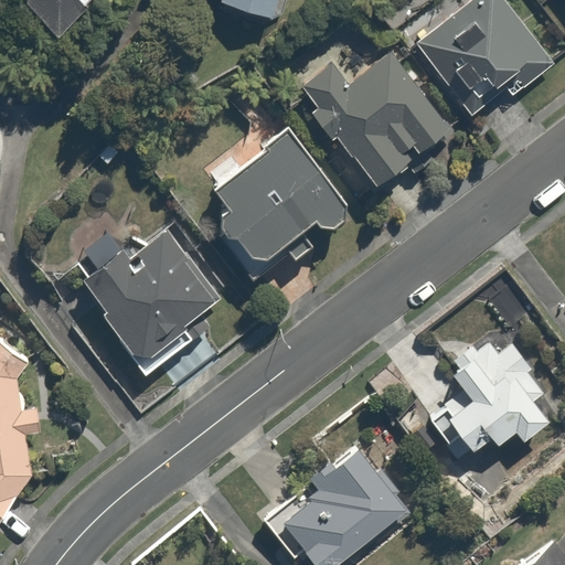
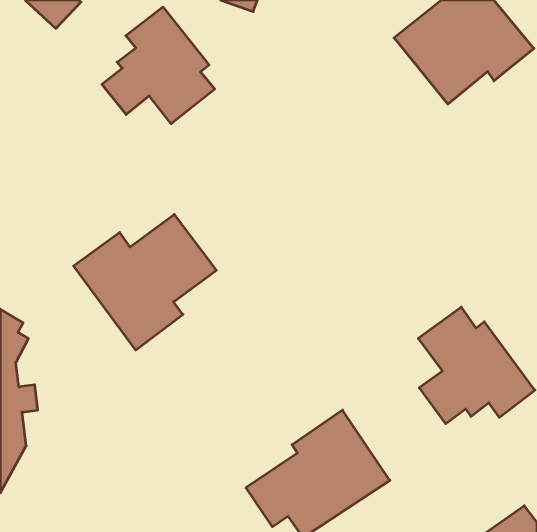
building: none -> [102,7,215,124]
building: [297,50,450,194] -> none
building: [209,127,350,280] -> none

